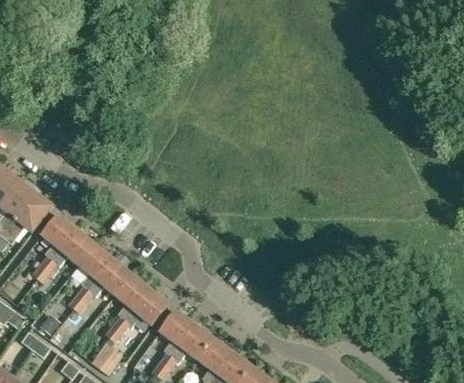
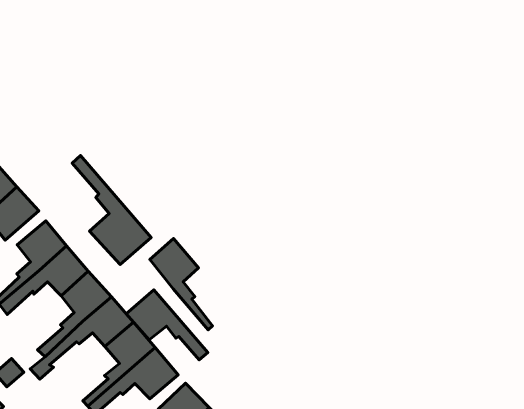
building: none -> [72,156,151,265]
building: none -> [150,238,212,330]
building: none -> [126,290,208,360]

